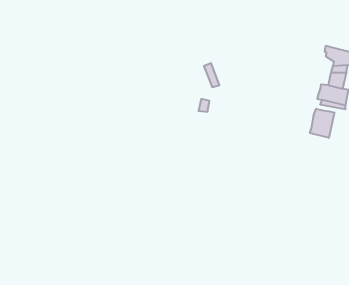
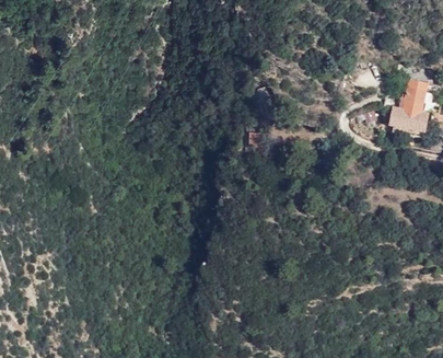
building: [310,109,334,138] -> none

